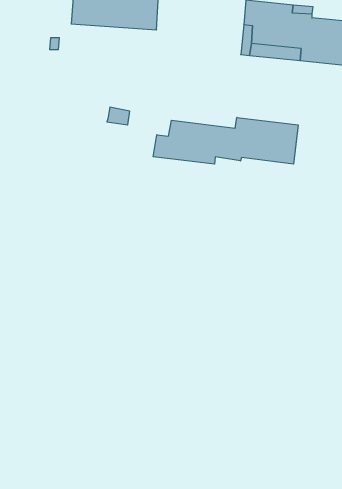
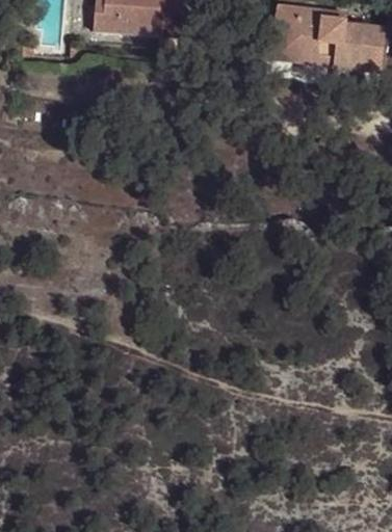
building: [153,117,298,164] -> none

